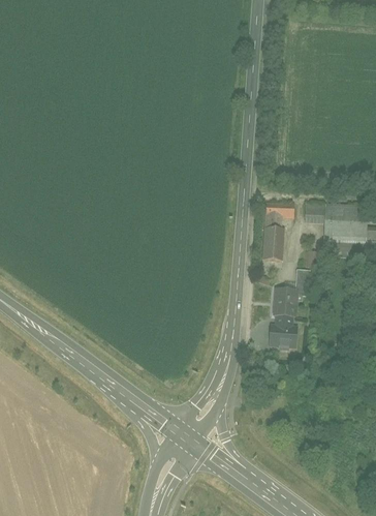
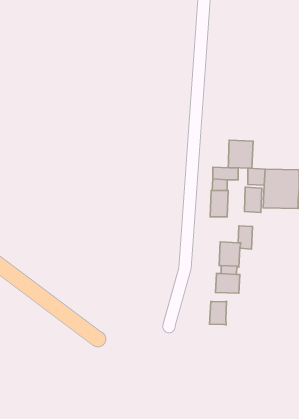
building: none -> [228,140,253,168]
building: none -> [244,187,262,213]
building: none -> [210,301,227,325]

